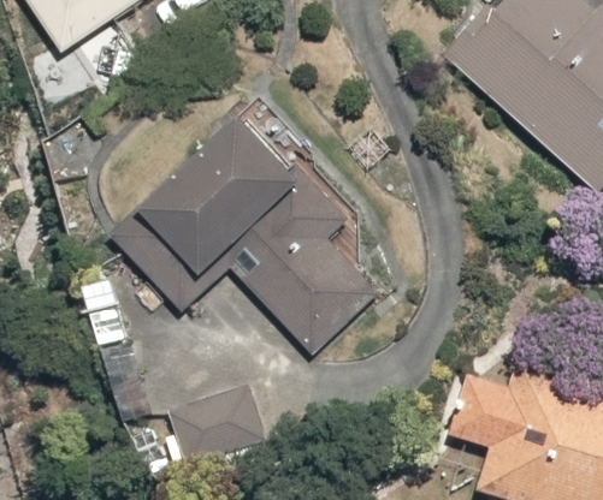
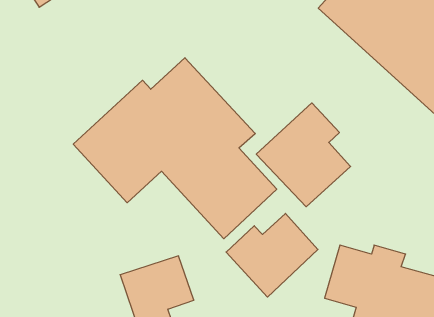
building: none -> [256,103,351,207]
building: none -> [226,213,318,297]

